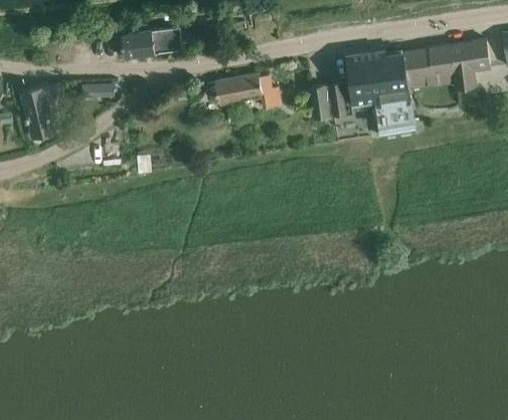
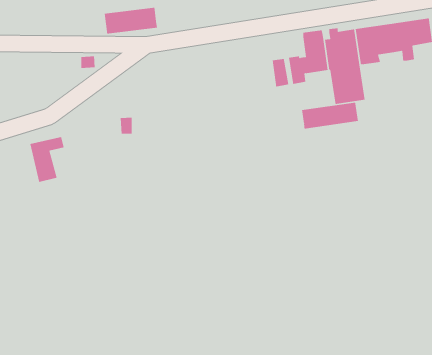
building: [208,73,282,108] -> none
building: [23,85,62,137] -> [30,137,65,182]
building: none -> [302,102,358,130]

